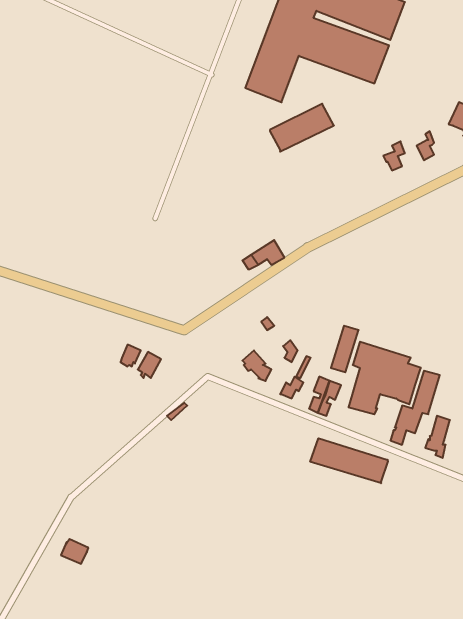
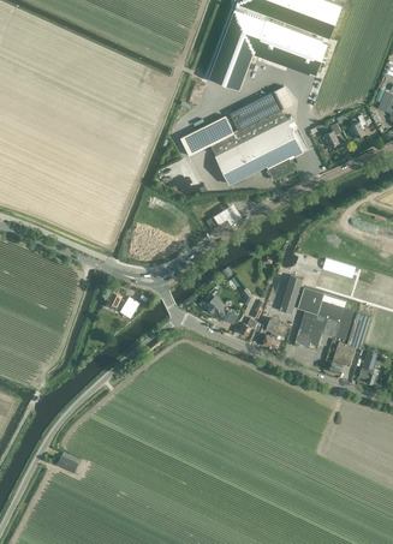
building: none -> [179,114,237,154]
building: none -> [215,118,302,184]
building: [310,438,388,483] -> none

